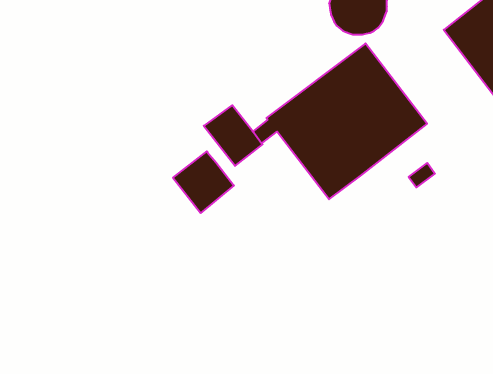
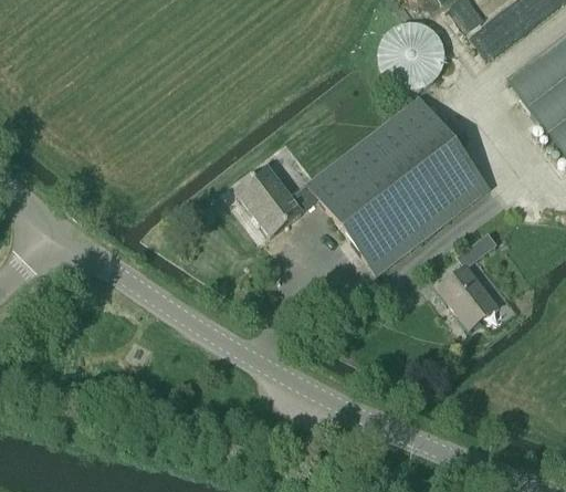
building: [173,151,234,213] -> none
building: none -> [439,265,497,328]

